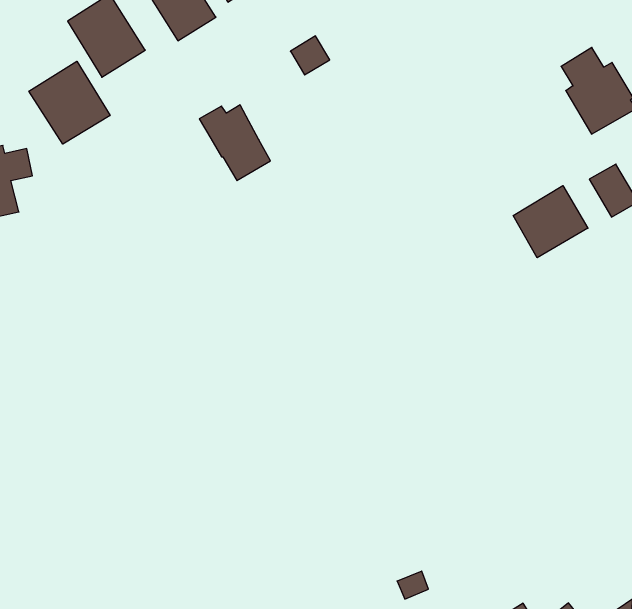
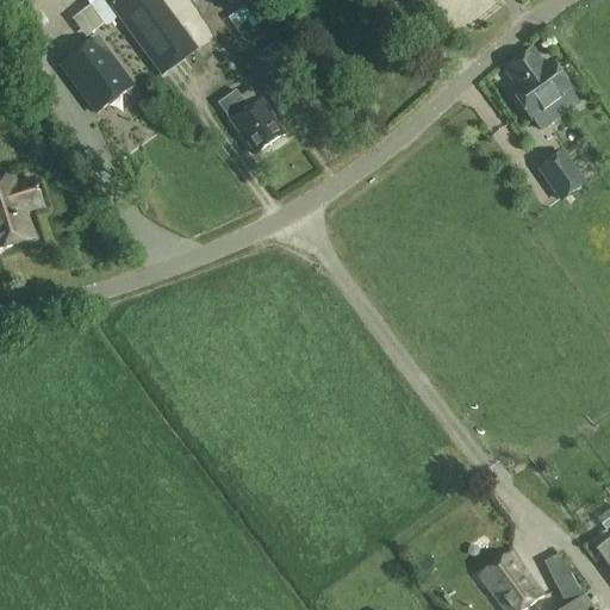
building: [29,61,110,144] -> none
building: [199,105,270,181] -> [218,85,285,152]
building: [513,186,588,258] -> none

